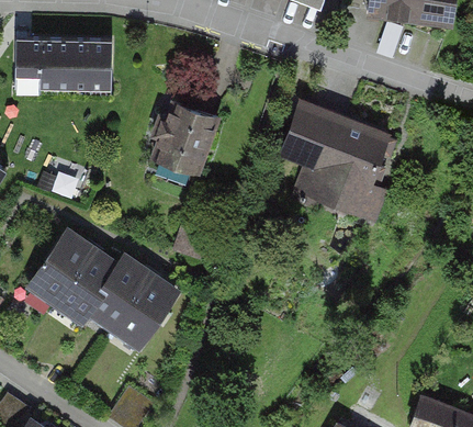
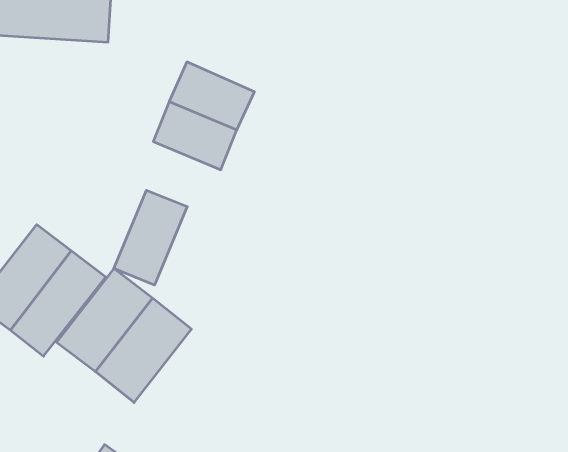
building: [273,95,391,220] -> none
building: none -> [114,190,187,285]

